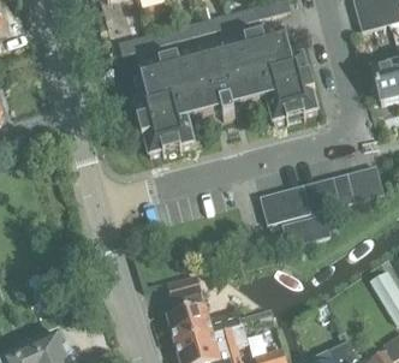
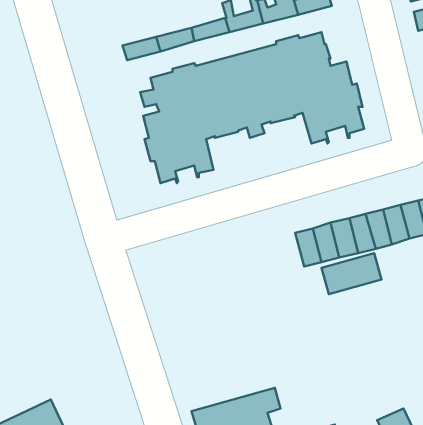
building: [166,274,243,341] -> none

